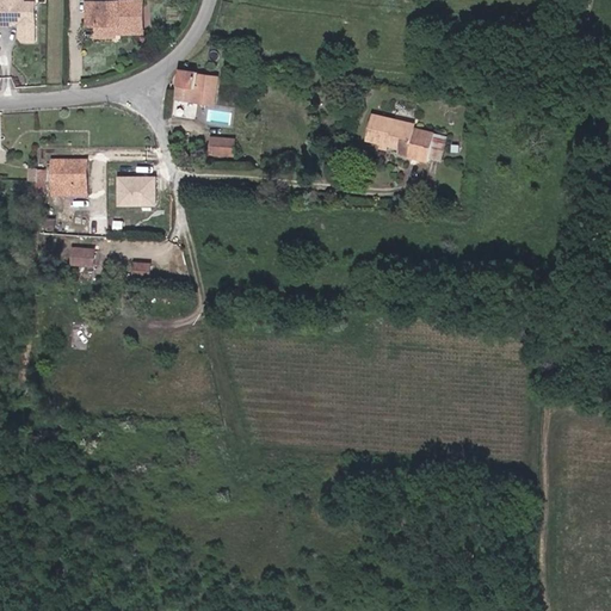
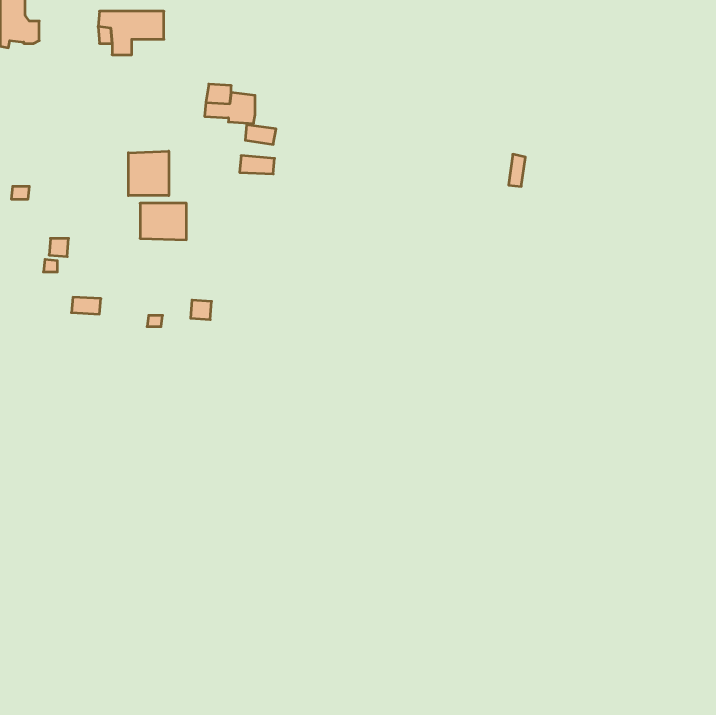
building: [365,111,431,153] -> none
building: none -> [128,151,169,196]
building: [41,166,74,192] -> none

